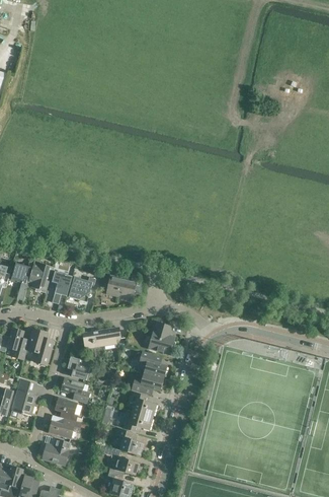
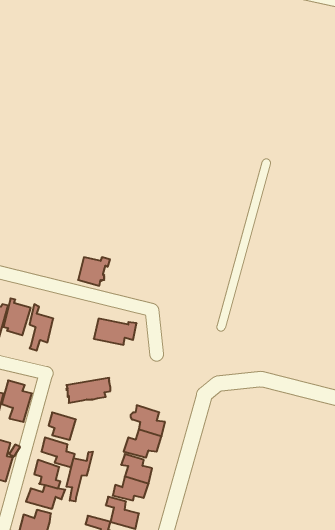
building: [68,277,95,301] -> [78,257,110,286]
building: [148,322,174,354] -> none
building: none -> [66,452,93,501]

